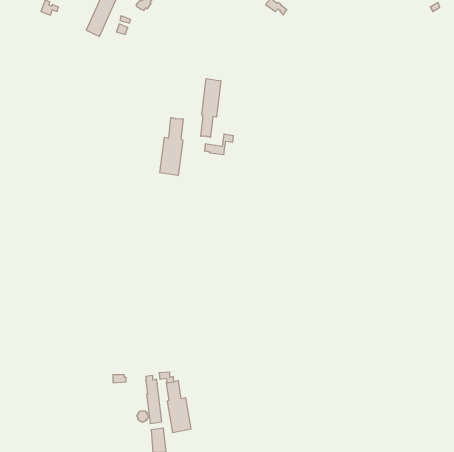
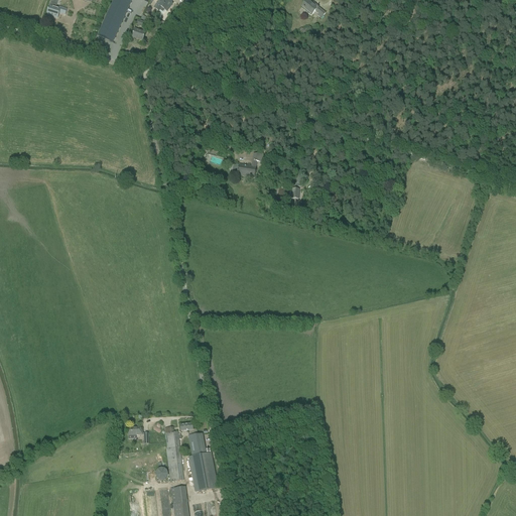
building: [201,79,221,137] -> none
building: [160,118,183,176] -> none

